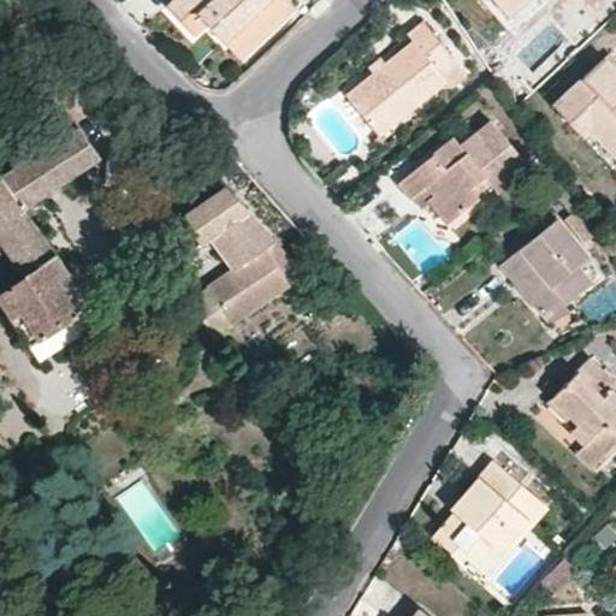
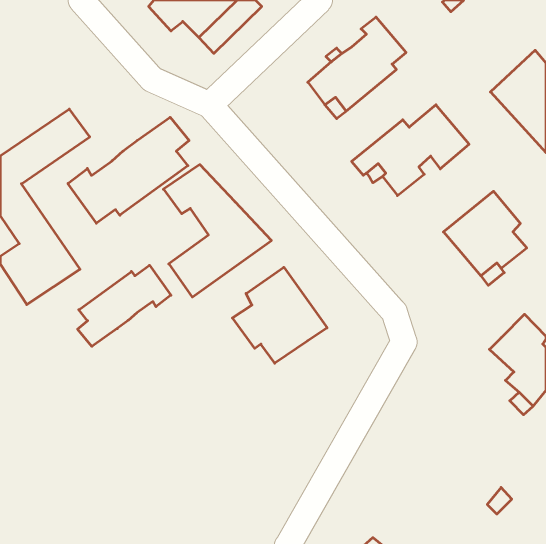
building: none -> [68,117,189,223]
building: none -> [78,265,171,346]
building: none -> [232,267,327,363]
building: [433,460,546,580] -> none

